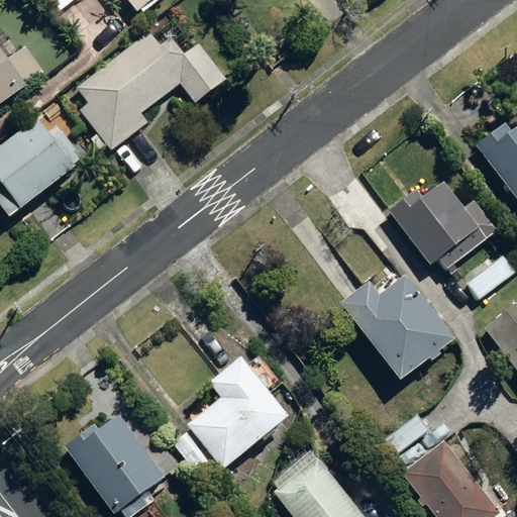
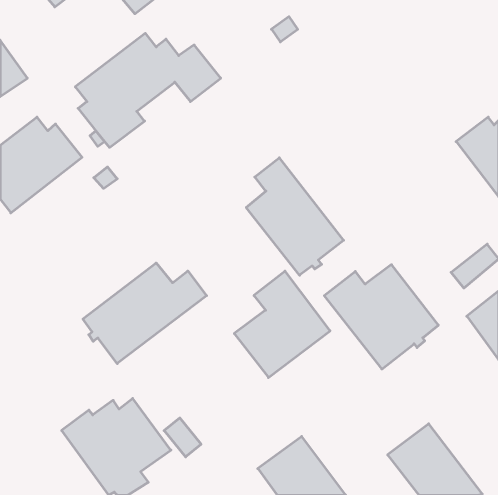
building: none -> [246,158,344,275]
building: [388,177,497,268] -> none
building: none -> [83,263,207,364]
building: [185,360,284,471] -> [234,271,330,378]

